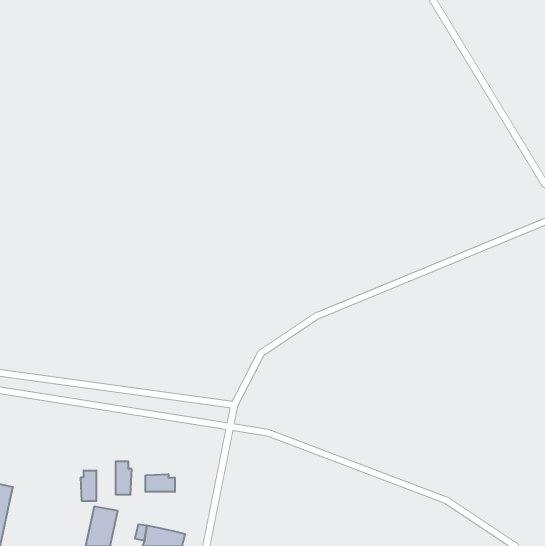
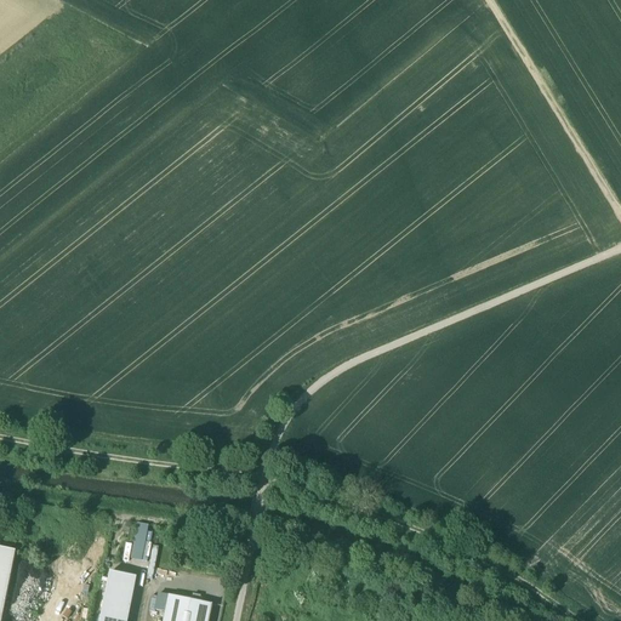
building: [81,470,96,501] -> none
building: [146,474,175,492] -> none

